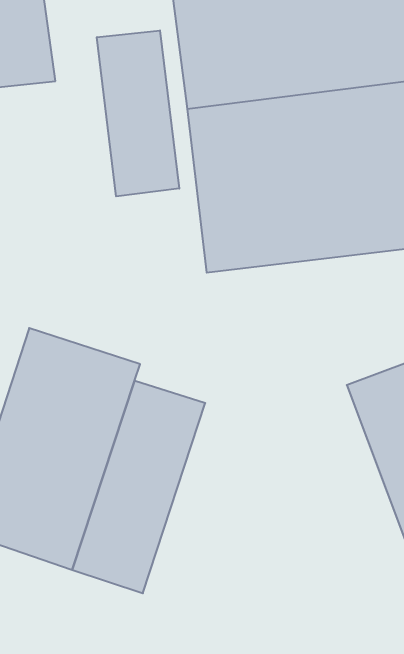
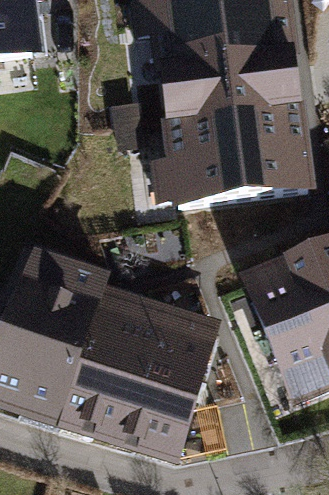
building: [97,30,179,196] -> none
building: none -> [107,297,217,455]

